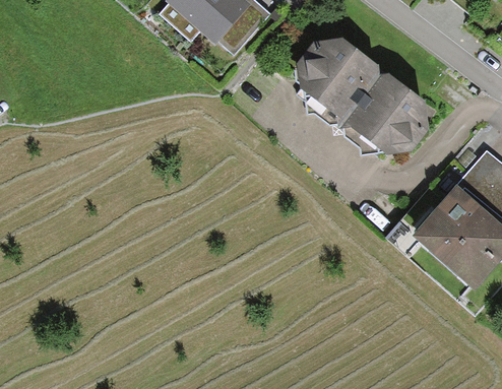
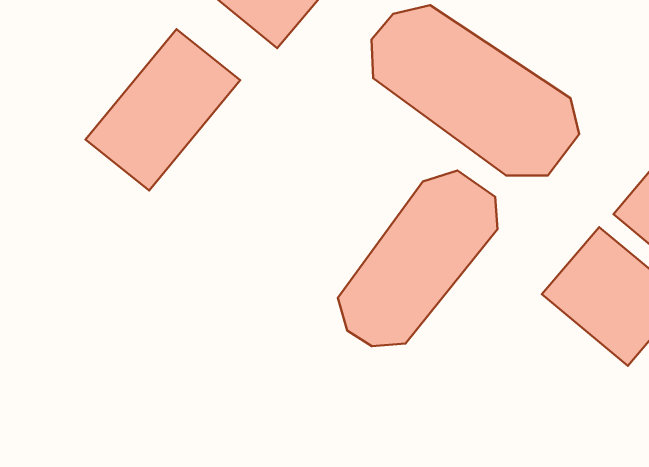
building: none -> [85,29,240,191]
building: none -> [338,171,498,346]

